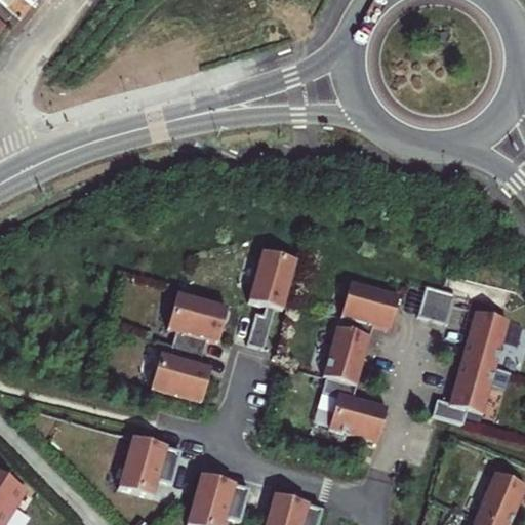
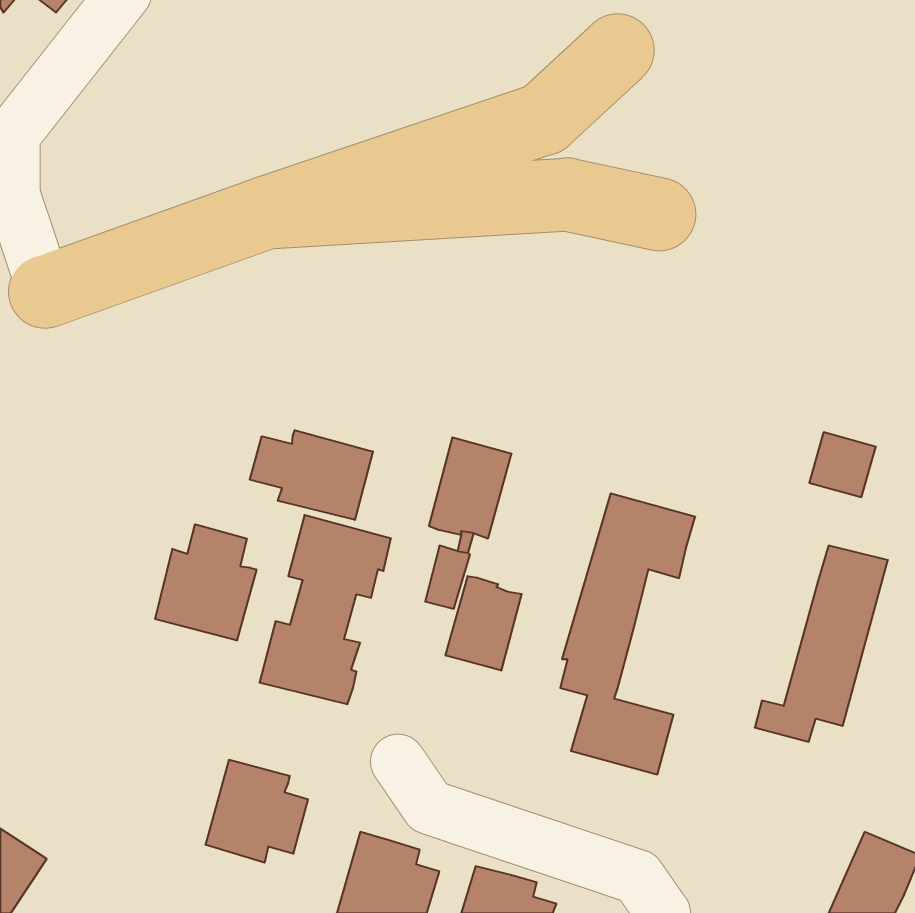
building: none -> [250,430,373,520]
building: [417,285,455,322] -> [809,432,876,497]
building: none -> [155,524,256,641]
building: none -> [446,576,522,671]

